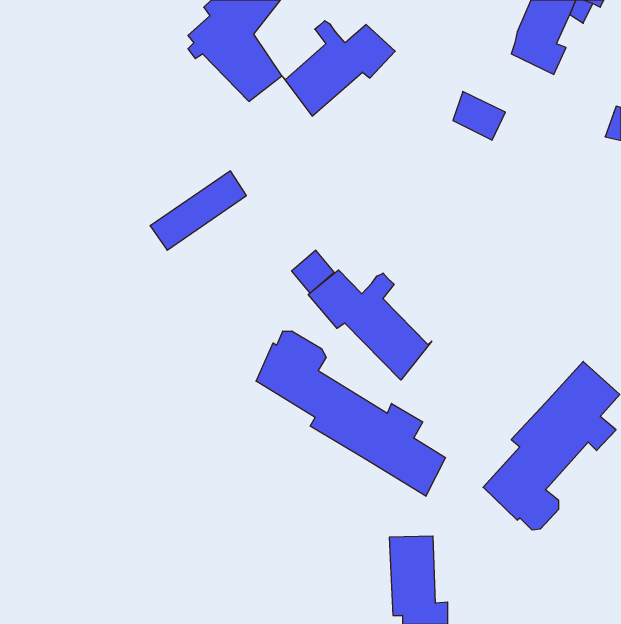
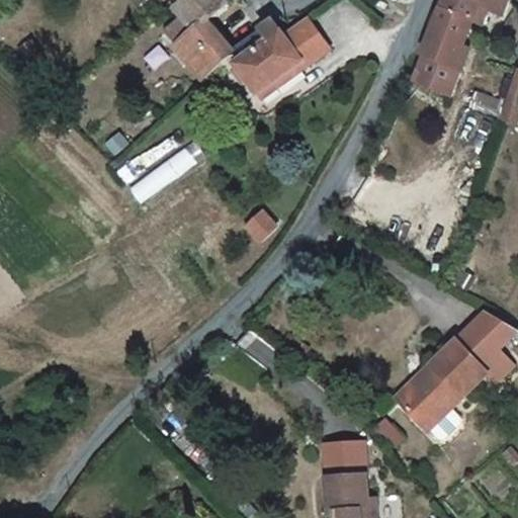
building: [453,91,505,140] -> [416,45,459,85]
building: [308,270,432,380] -> none
building: [256,331,446,496] -> none

